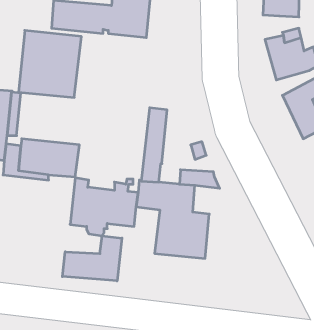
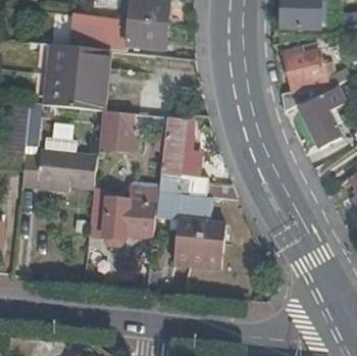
building: none -> [99,110,138,149]
building: [62,236,122,281] -> none

